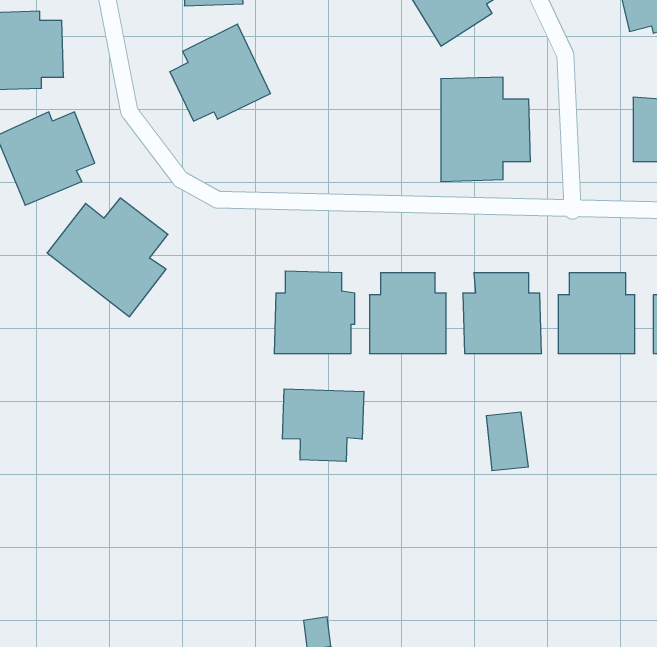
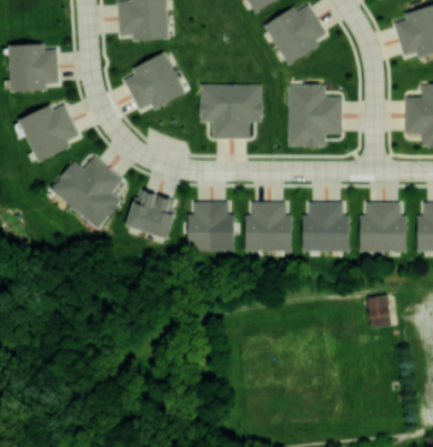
building: none -> [200,83,263,139]
building: none -> [127,189,177,238]
building: [283,389,364,462] -> none
building: [486,412,528,471] -> [369,294,394,329]

